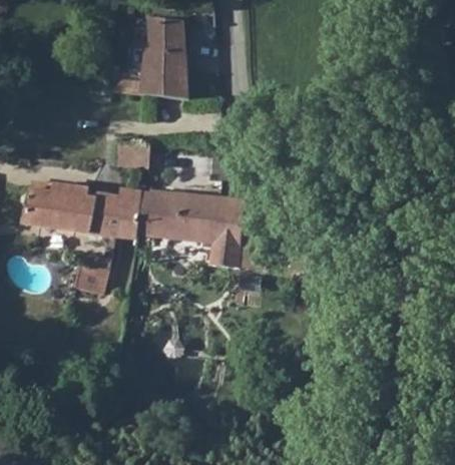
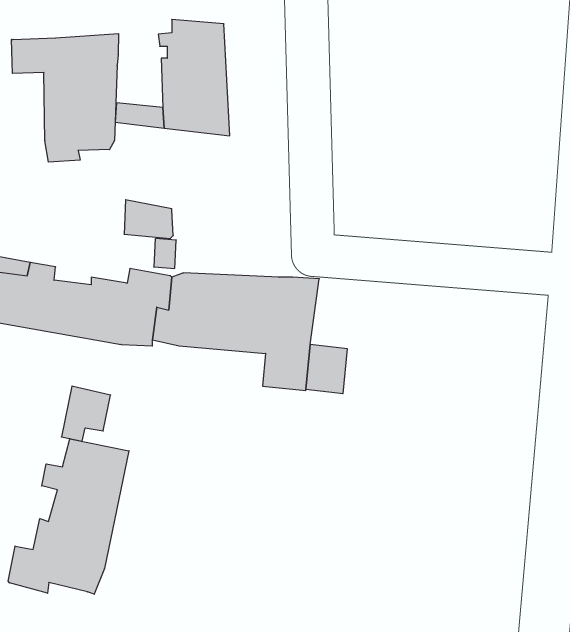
building: none -> [12,34,119,162]
building: none -> [8,439,129,594]

